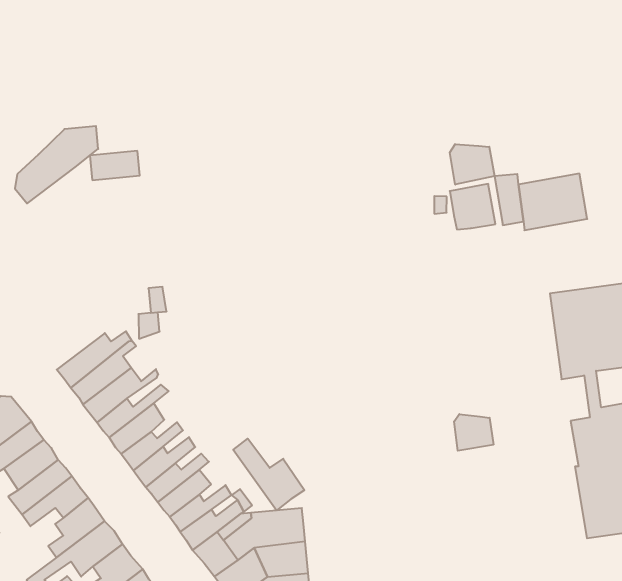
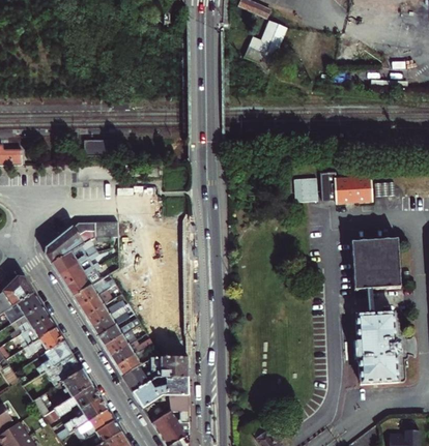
building: [15,126,98,203] -> [48,221,98,263]
building: [450,144,495,185] -> none
building: [454,414,493,451] -> none
building: [233,439,304,510] -> none

